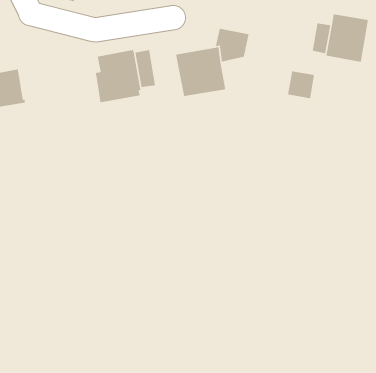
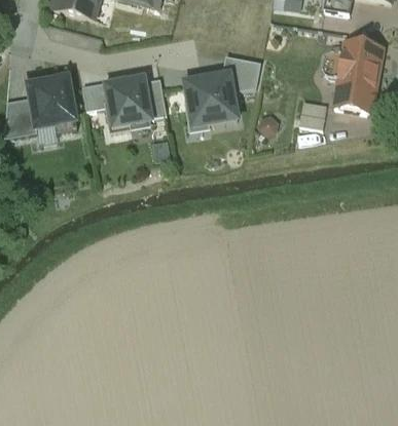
building: none -> [26,77,76,128]
building: none -> [82,82,110,111]
building: none -> [334,85,373,112]

